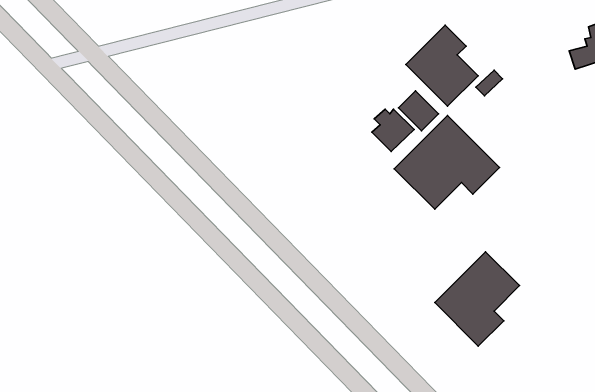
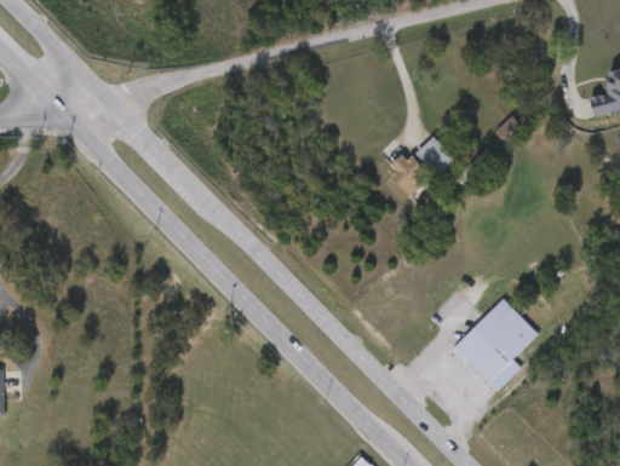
building: [406,25,478,106] -> none
building: [394,115,500,209] -> none

